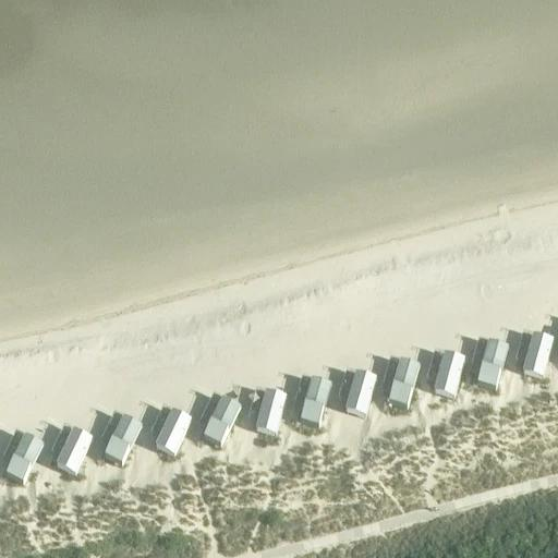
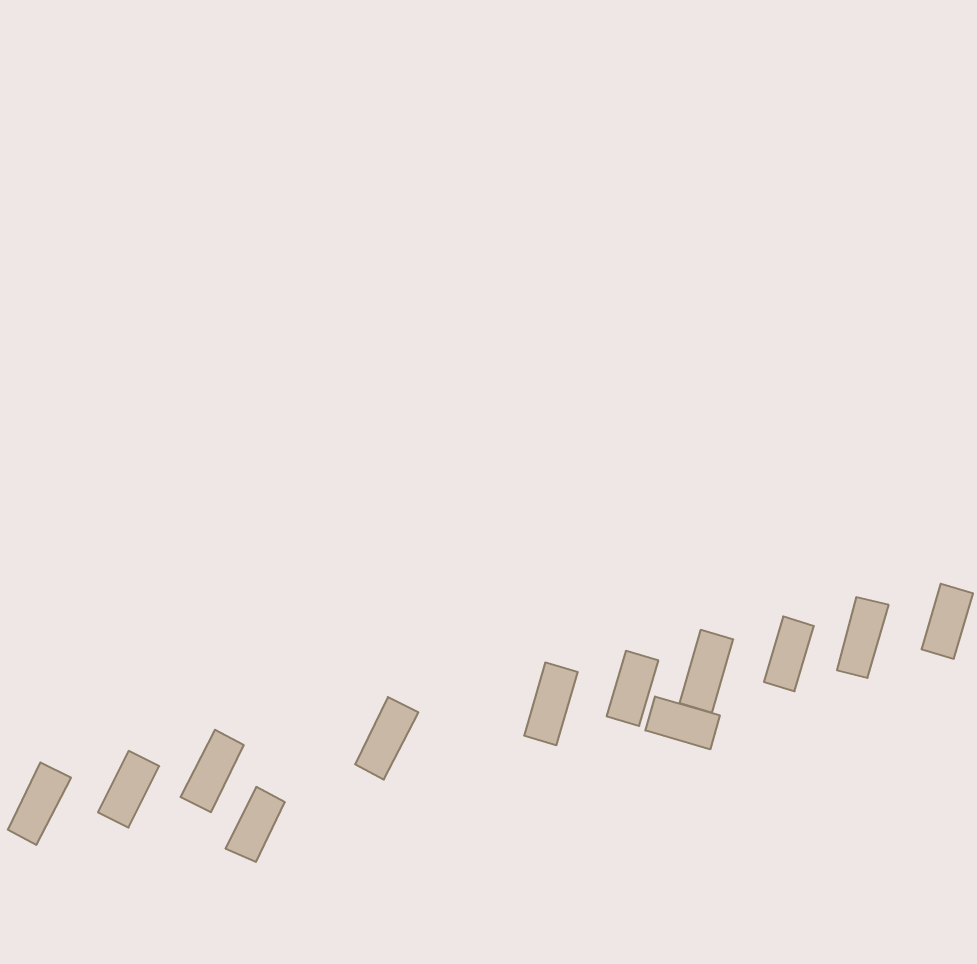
building: [256,388,284,430] -> none
building: none -> [645,696,720,749]
building: [156,408,190,450] -> [225,787,285,862]

